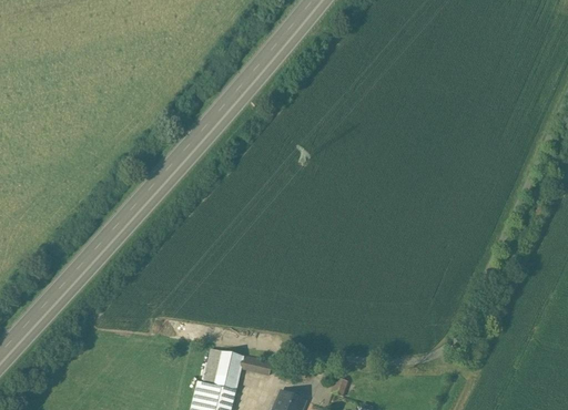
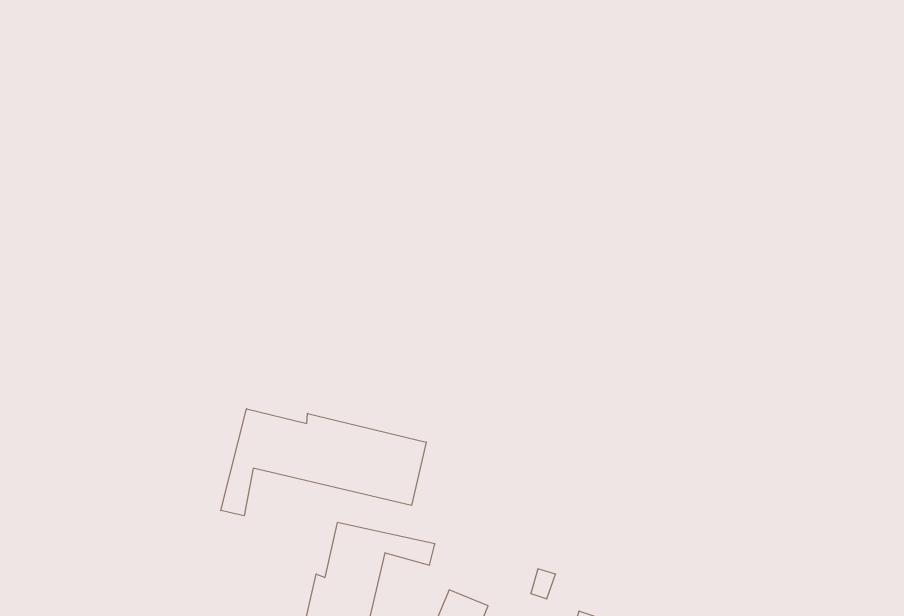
building: none -> [221,409,426,516]

